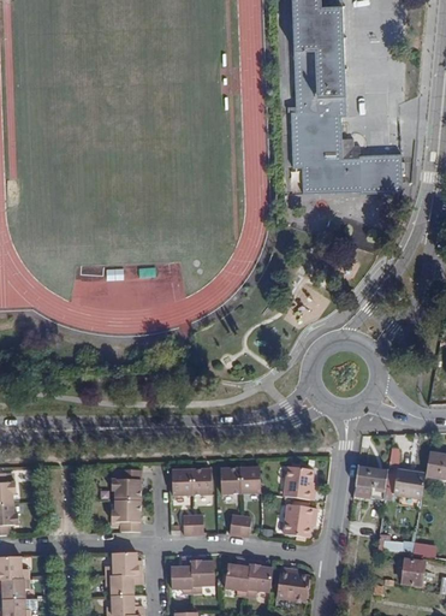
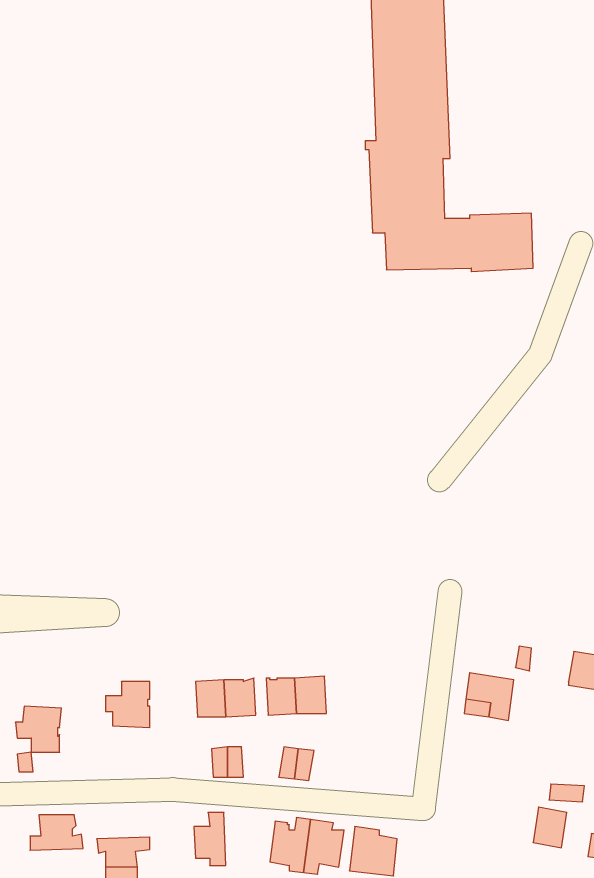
building: [393,466,426,496] -> none
building: [284,467,315,500] -> none
building: [109,500,141,532] -> [15,706,61,752]
building: [283,505,316,538] -> none
building: [105,553,141,578] -> [30,815,83,850]
building: [191,558,214,596] -> none

